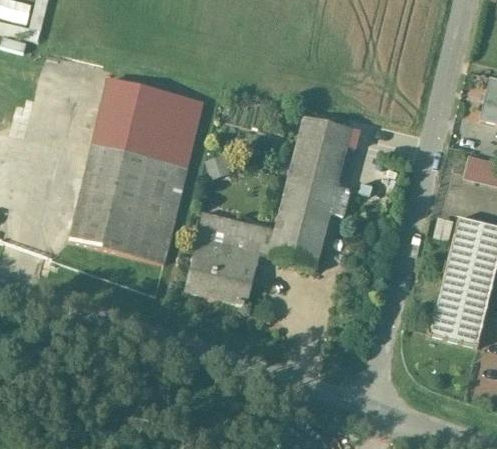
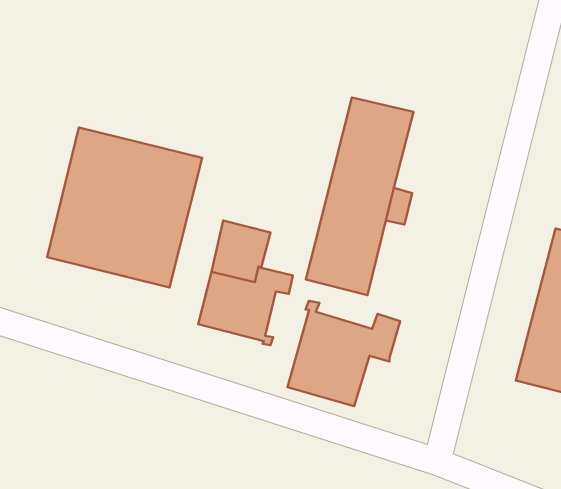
building: [96,77,204,162] -> none
building: [235,219,276,255] -> none
building: none -> [288,301,400,406]

